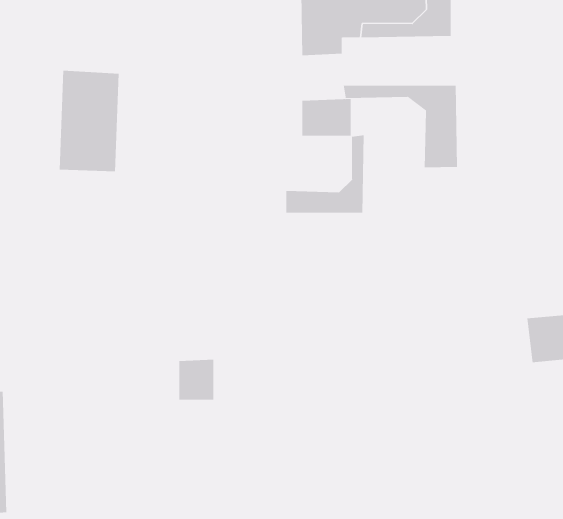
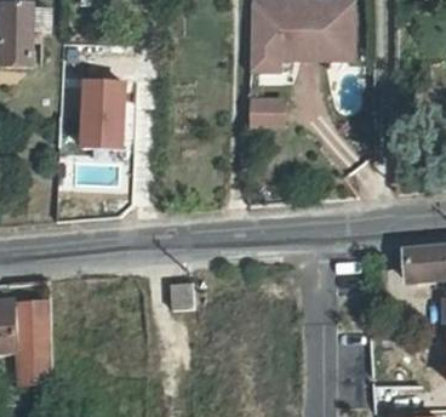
building: [343,85,457,168] -> none
building: [286,135,364,213] -> none

